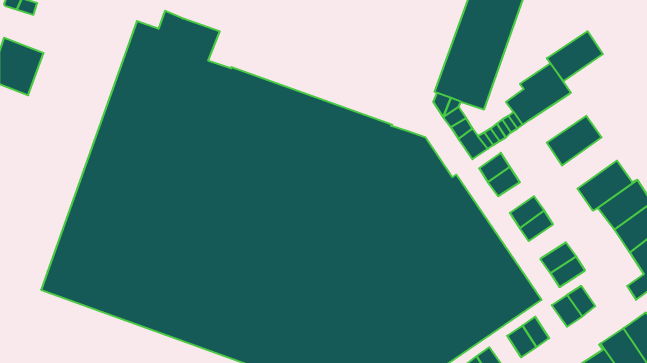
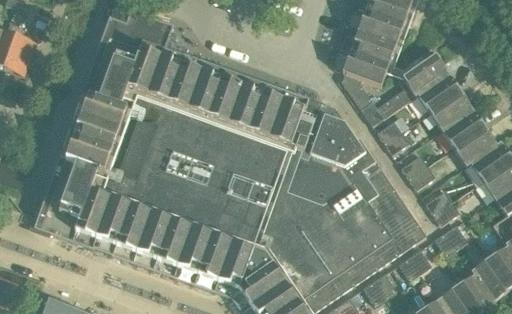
building: [547,31,603,81] -> [417,73,461,112]
building: none -> [442,108,485,148]

